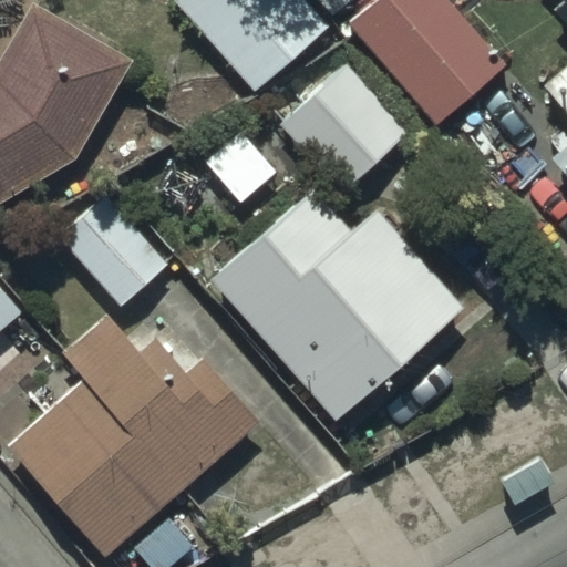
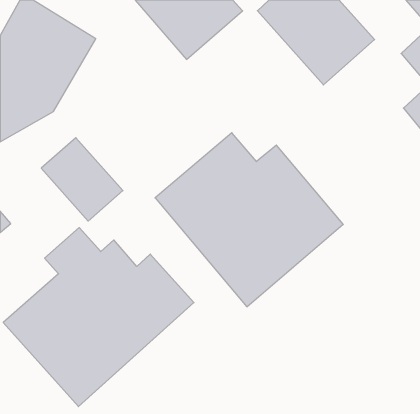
building: [281,69,403,194] -> none

